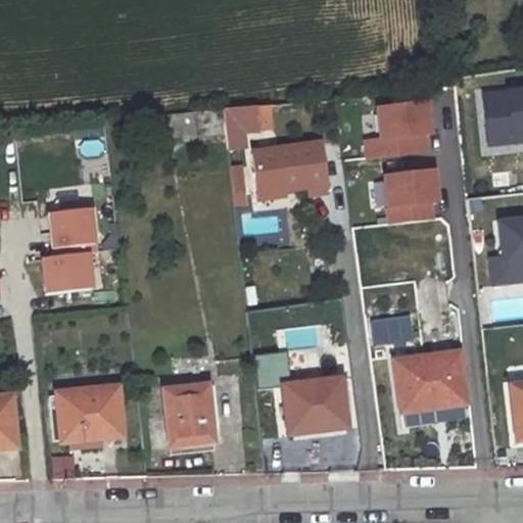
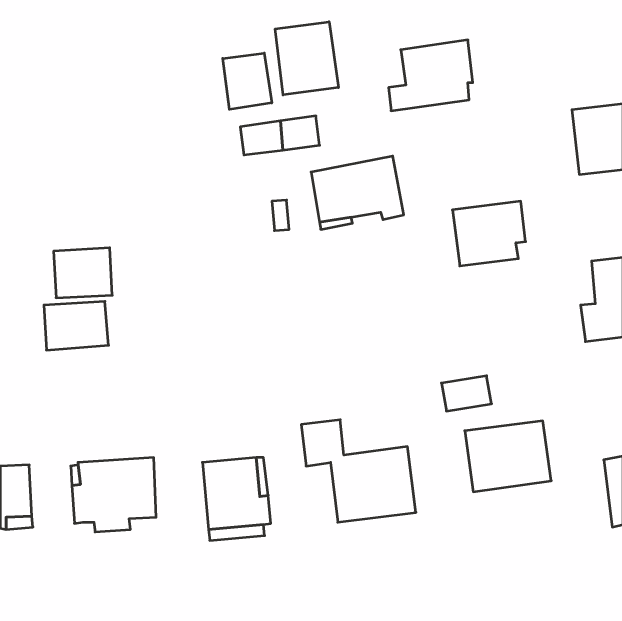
building: none -> [275,22,338,95]
building: none -> [223,53,272,109]
building: [363,100,433,159] -> [389,40,473,111]

